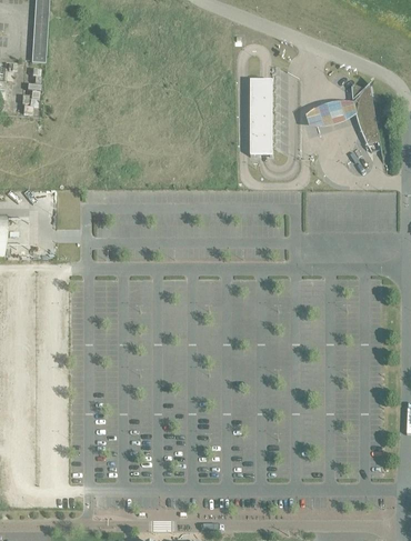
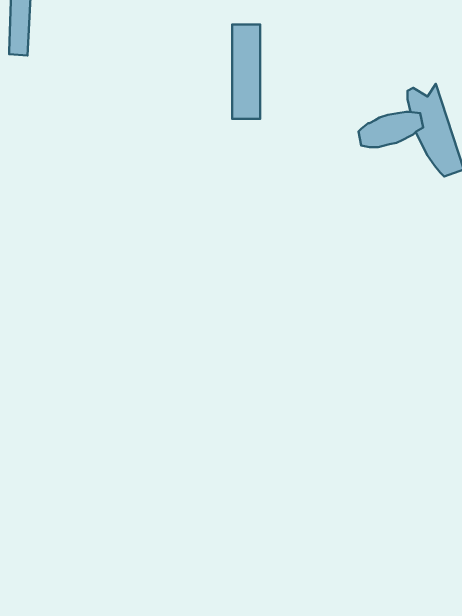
building: [250,83,272,158] -> [232,24,260,119]

